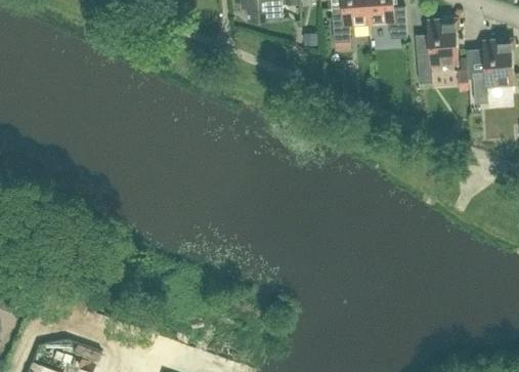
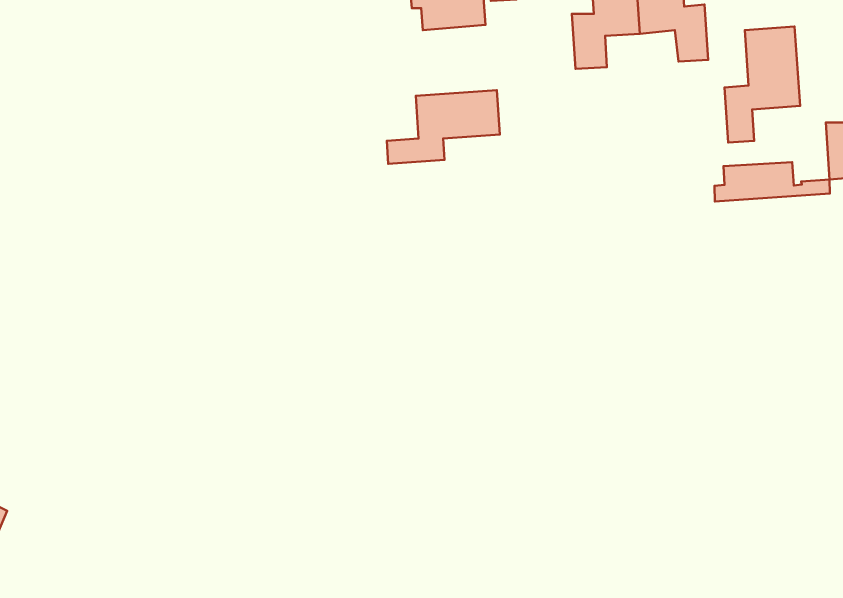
building: none -> [387,90,500,164]
building: none -> [714,162,830,201]

